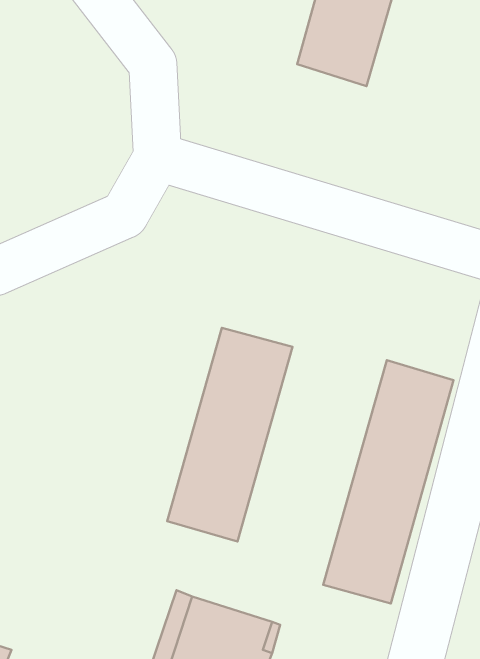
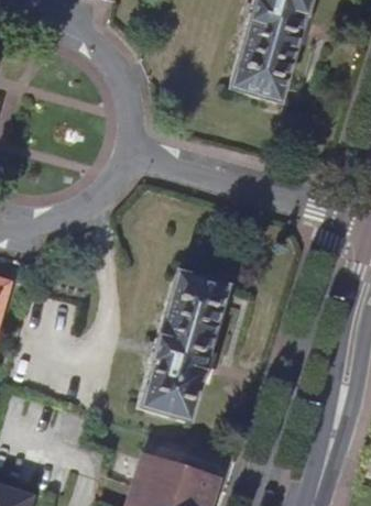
building: [323,360,453,603] -> none

